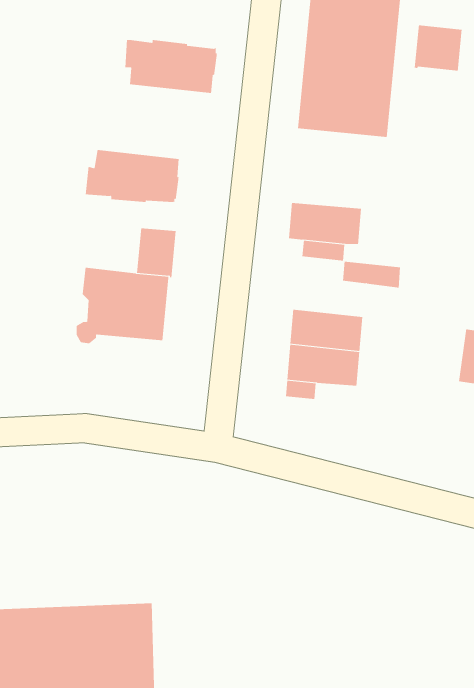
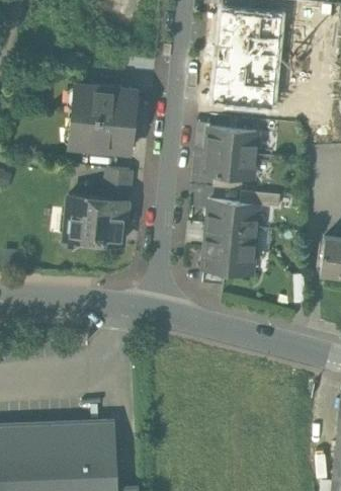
building: [414,24,462,71] -> none
building: [125,39,218,94] -> [74,85,137,121]
building: none -> [207,129,257,155]
building: none -> [208,200,258,228]

